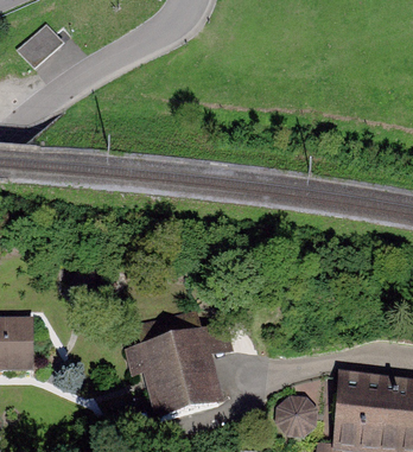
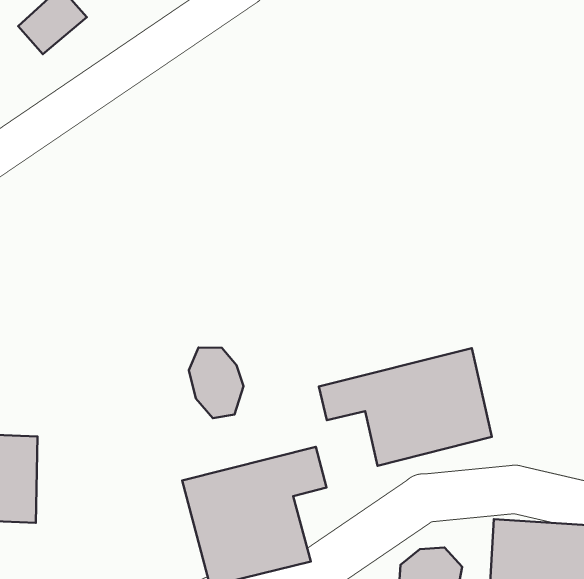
building: none -> [189,348,243,418]
building: none -> [319,348,492,466]

